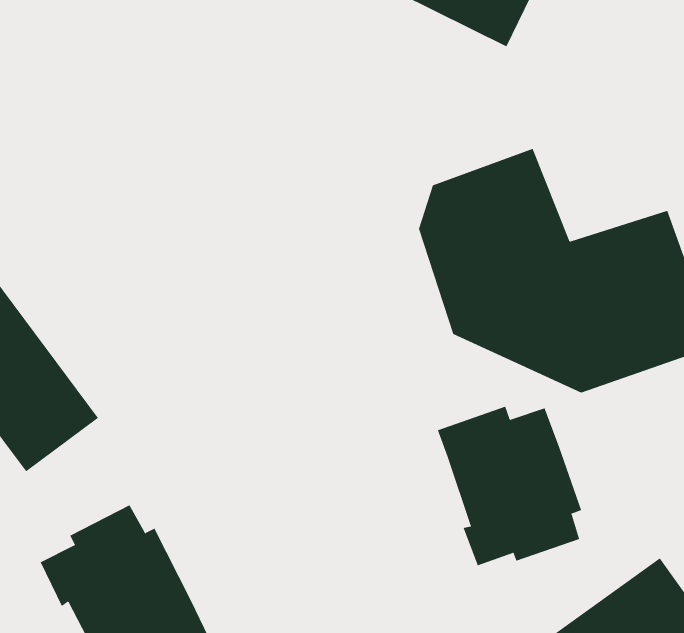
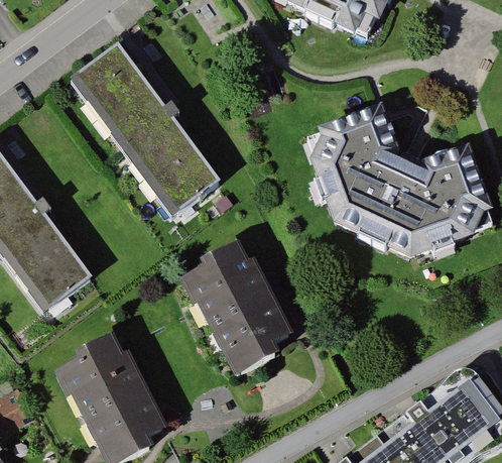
building: none -> [71,44,220,216]
building: none -> [180,242,294,378]
building: [437,406,582,566] -> none

